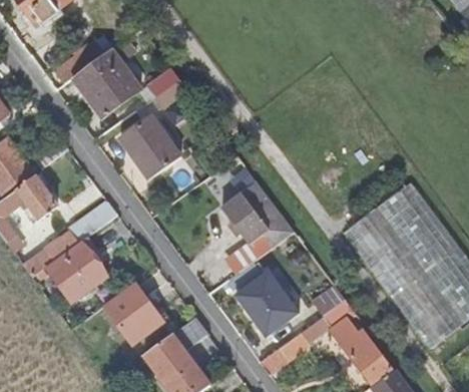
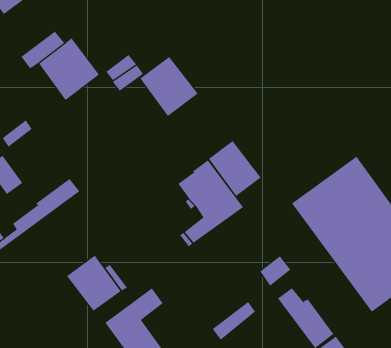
building: [119,115,182,180] -> [140,56,198,117]
building: none -> [208,140,261,197]
building: [47,240,106,302] -> none
building: [236,272,297,336] -> none

